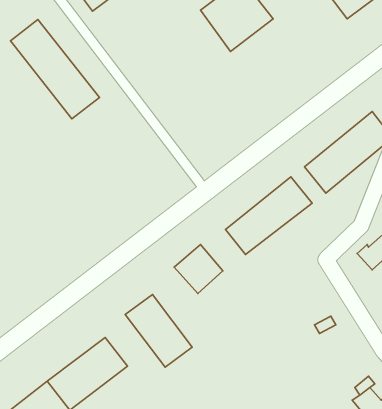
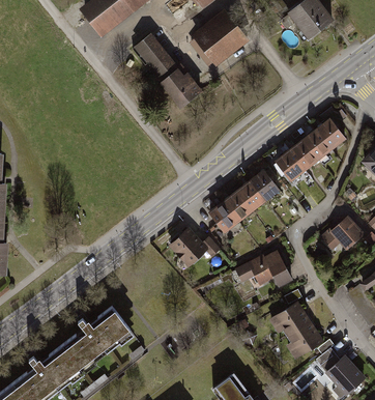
building: [10,20,99,119] -> [129,31,203,113]
building: none -> [234,249,292,286]
building: [125,295,192,367] -> none
building: none -> [268,299,323,360]

